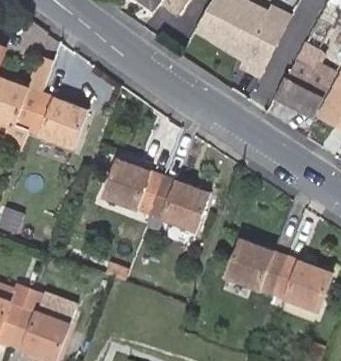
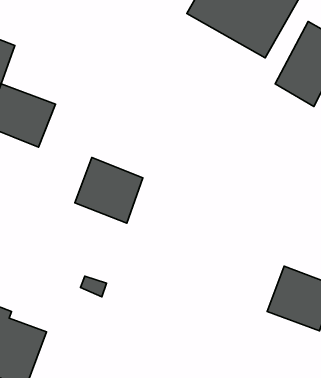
building: [145,177,204,233] -> none
building: [222,238,284,295] -> none

